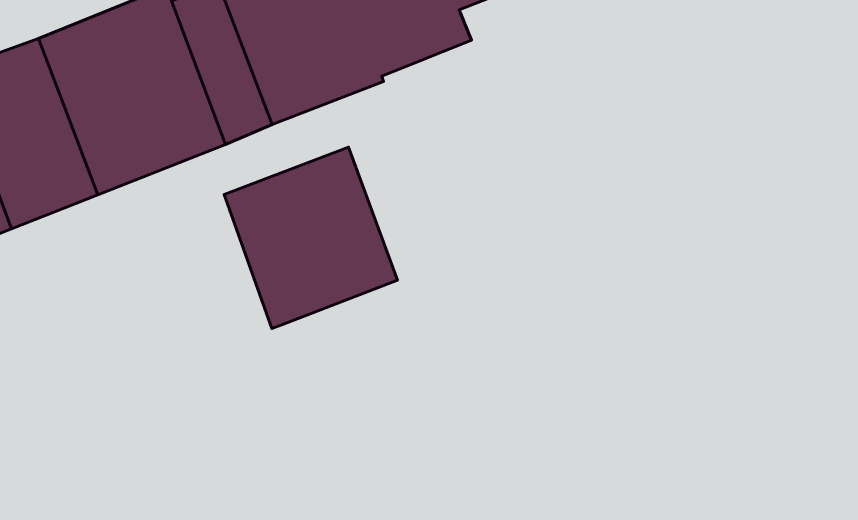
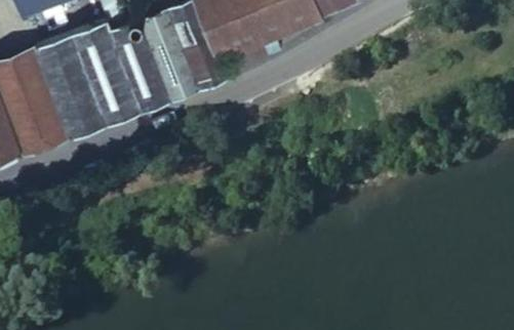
building: [224,147,397,328] -> none

